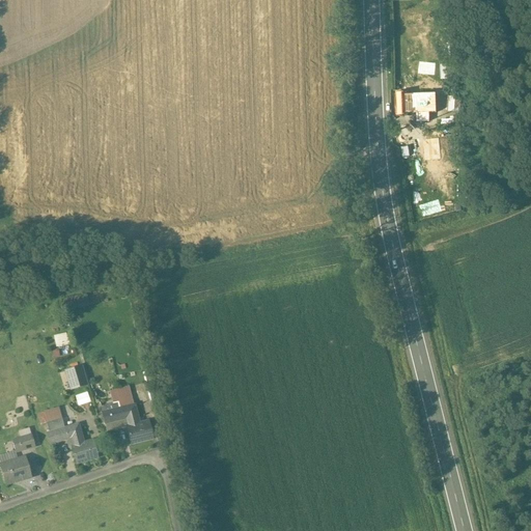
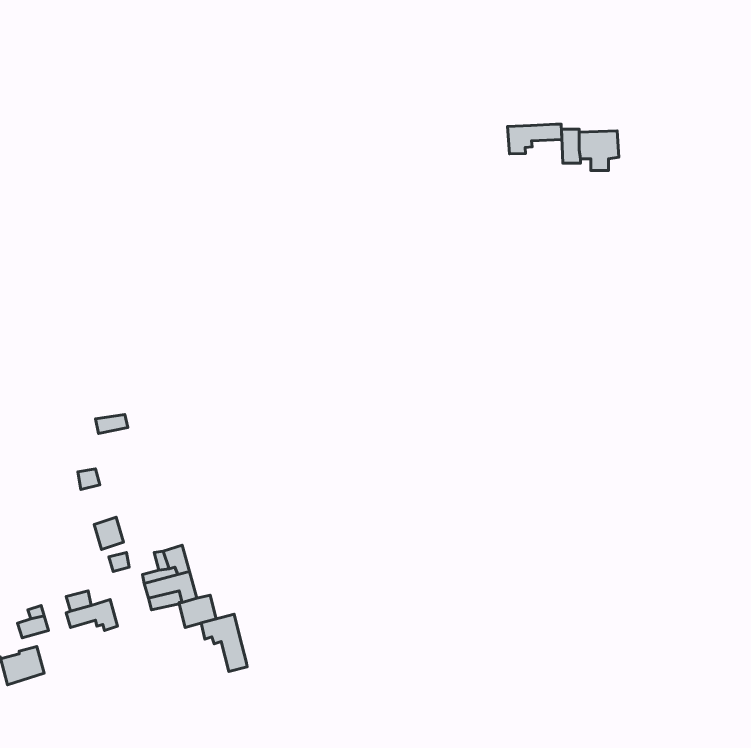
building: none -> [508,124,562,154]
building: none -> [201,614,247,672]
building: [69,439,97,463] -> none

